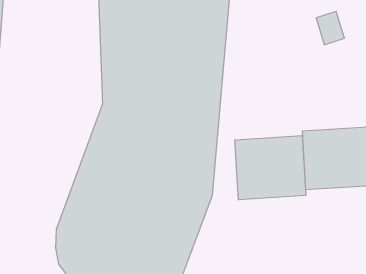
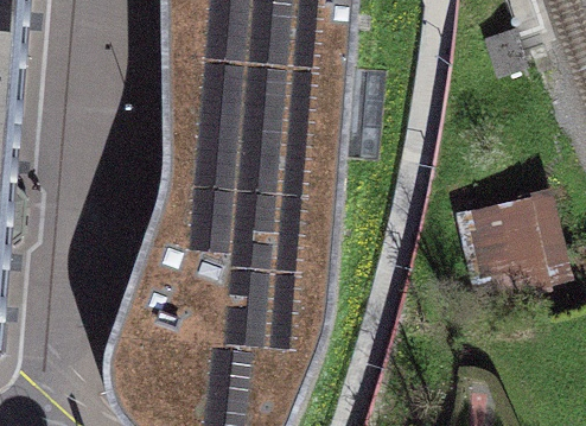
building: [235,135,306,200] -> none

